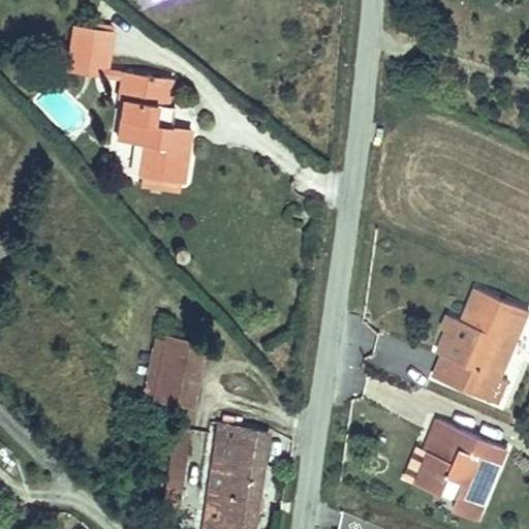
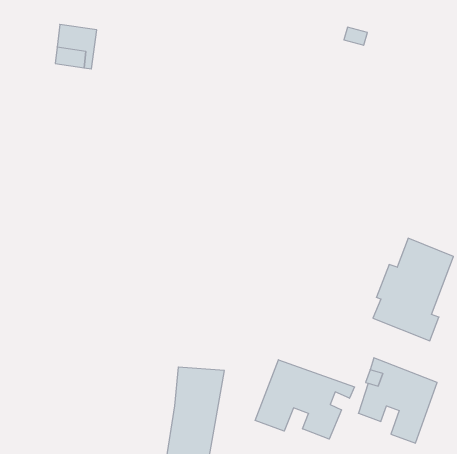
building: [123,87,200,196] -> none
building: [160,349,207,416] -> none
building: none -> [255,360,355,439]

